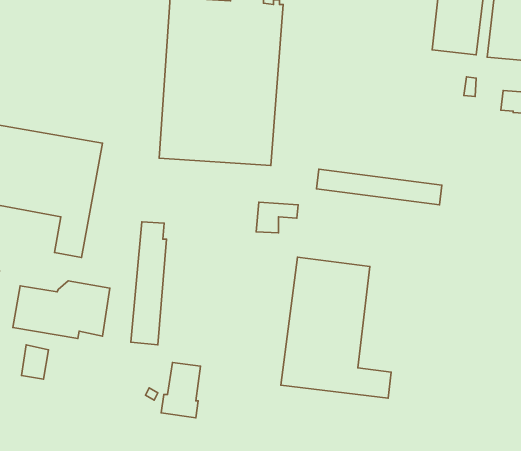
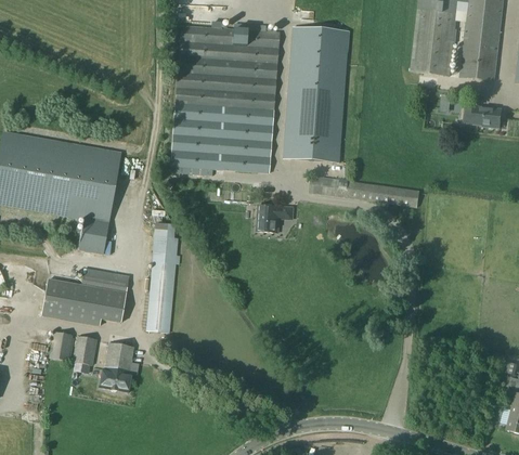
building: none -> [282,34,348,166]
building: [281,257,391,398] -> none
building: none -> [72,336,96,365]
building: [161,363,201,418] -> [99,342,133,391]

